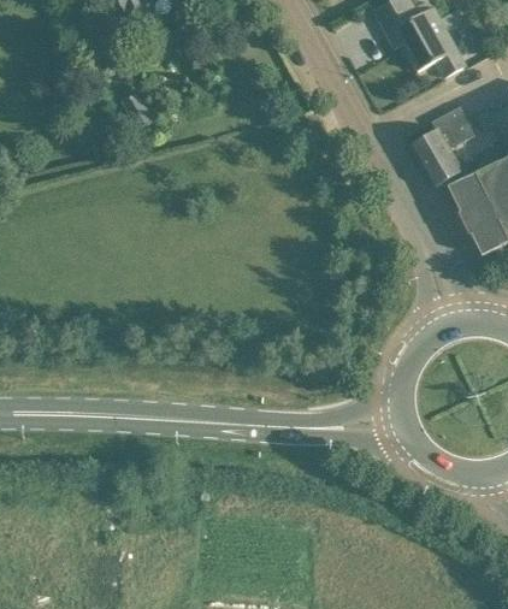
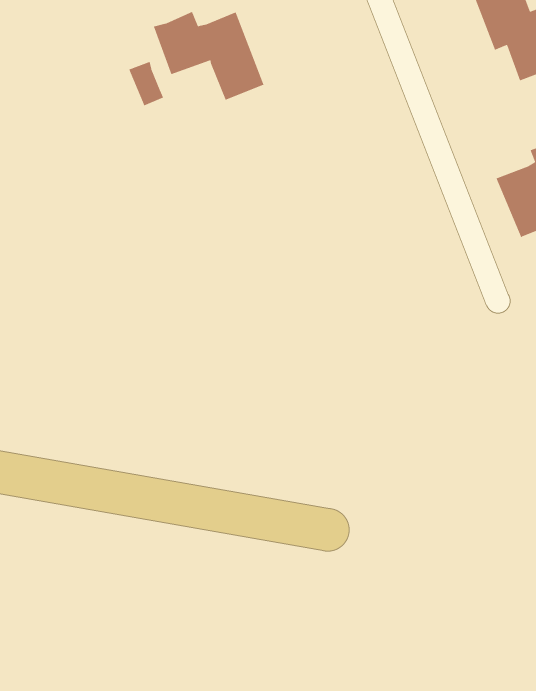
building: none -> [153,10,265,101]

